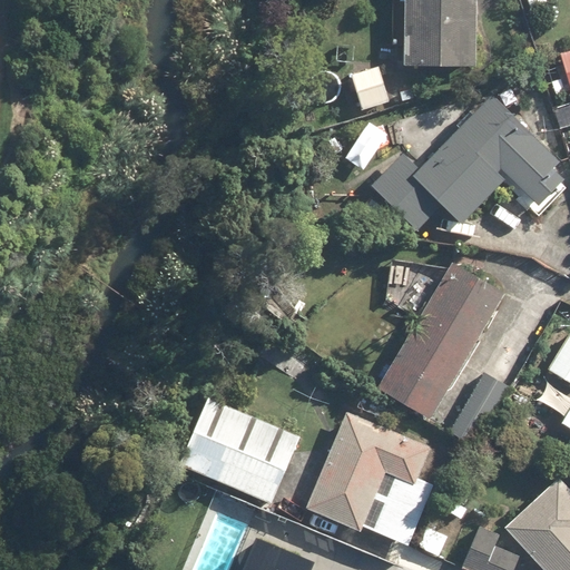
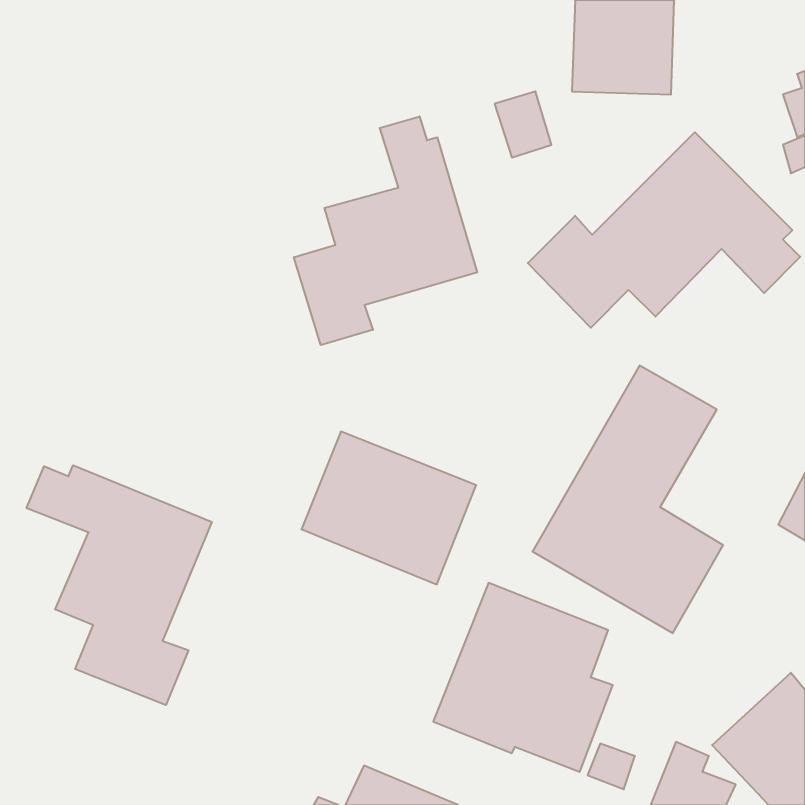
building: none -> [294,116,477,345]
building: none -> [27,465,212,705]
building: [178,396,302,504] -> [301,432,476,584]

